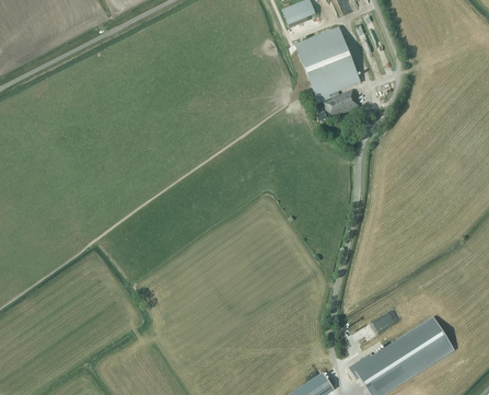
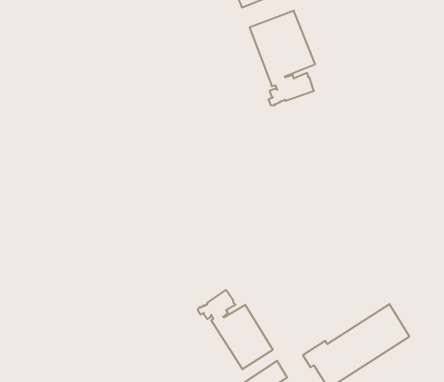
building: none -> [198,290,273,369]

